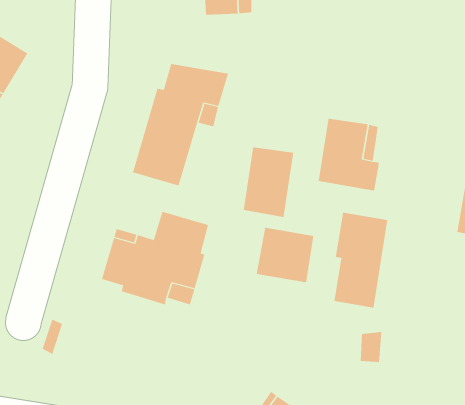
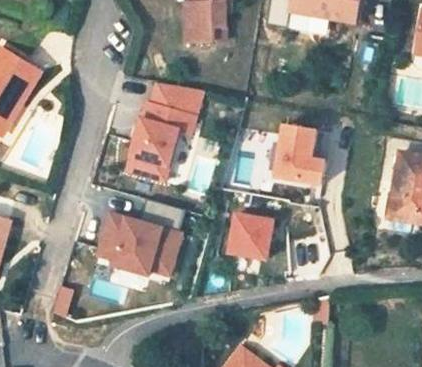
building: [243,147,294,218] -> none
building: [334,212,388,309] -> none

